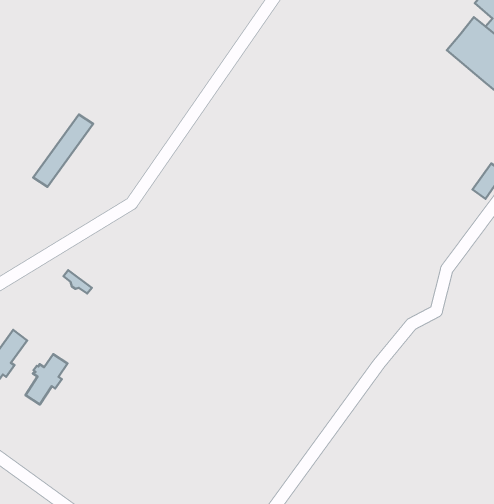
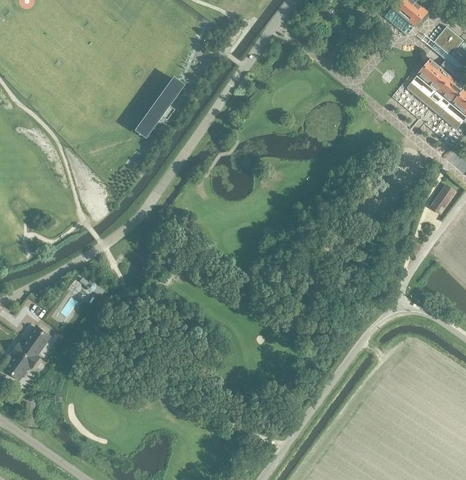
building: [33,114,93,187] -> [134,76,185,138]
building: [26,354,68,405] -> none

